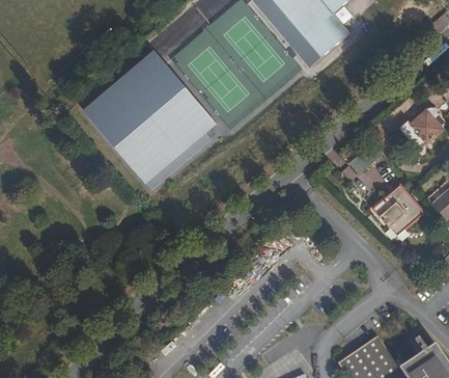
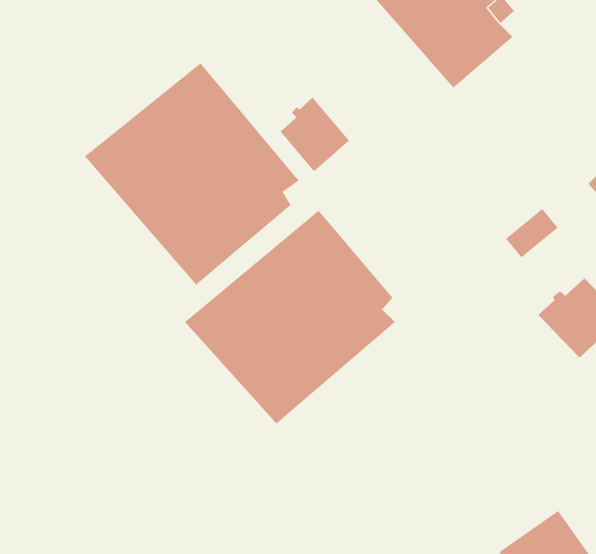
building: none -> [280,97,350,172]
building: none -> [184,210,396,425]

